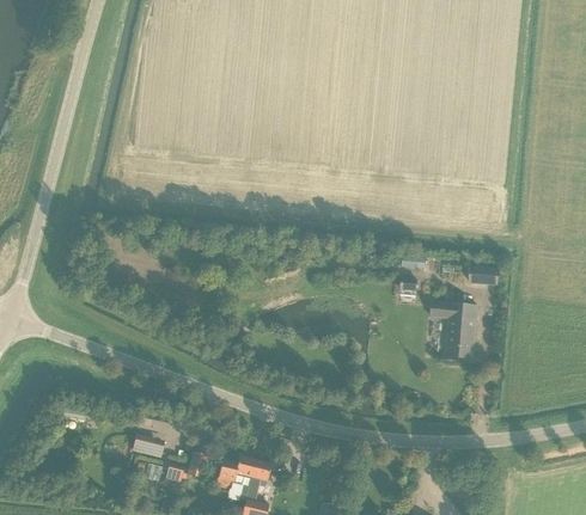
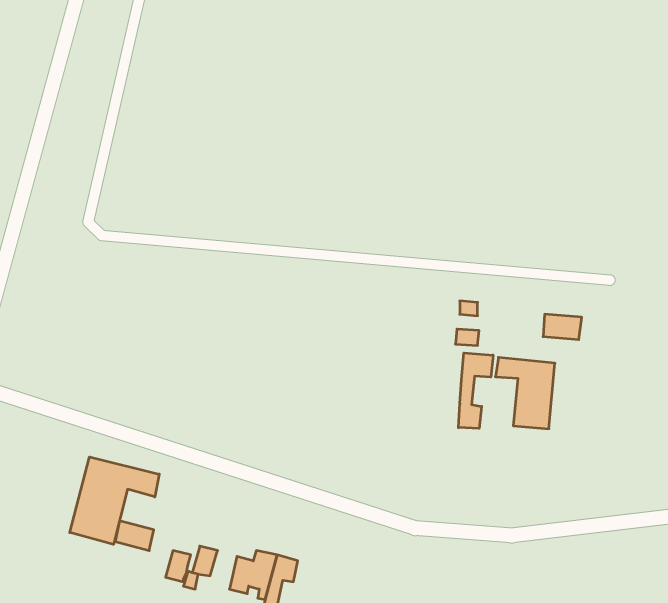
building: none -> [458,353,493,428]
building: none -> [70,457,159,544]

